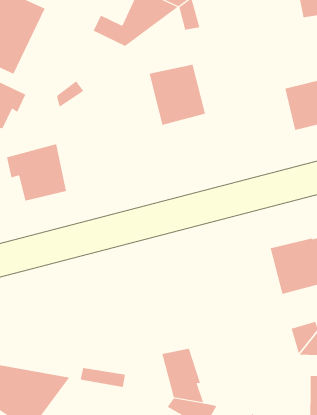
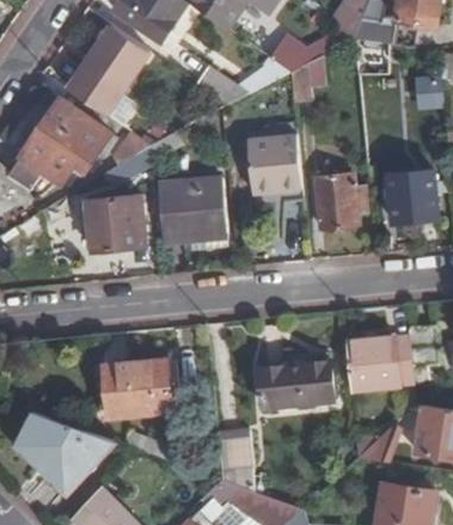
building: none -> [316,176,354,228]
building: none -> [159,181,224,242]
building: none -> [261,360,333,405]
building: none -> [105,360,171,416]

